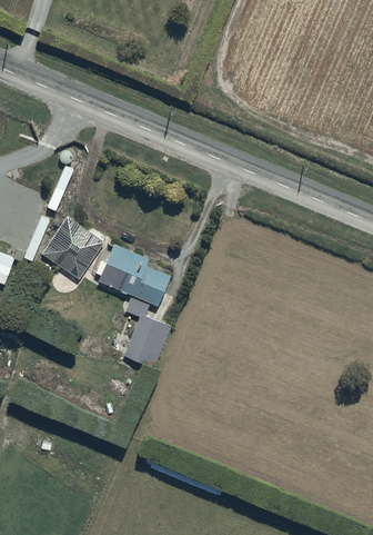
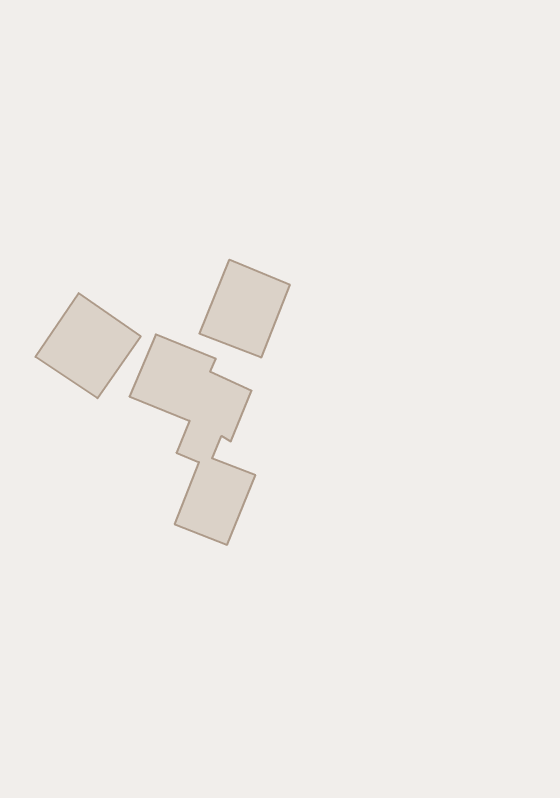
building: none -> [199,260,290,358]

